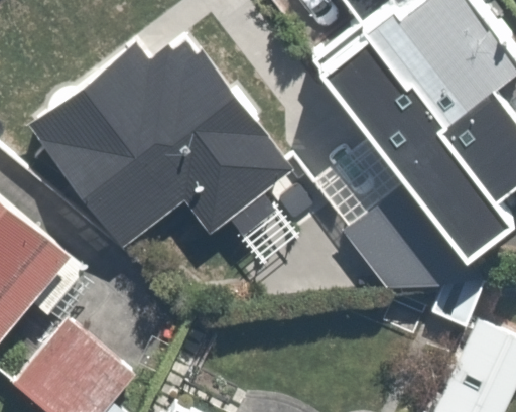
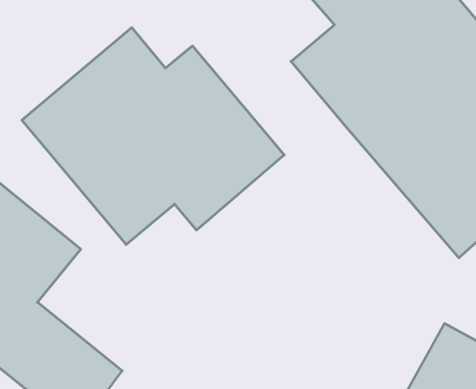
building: [306,137,484,325] -> none

